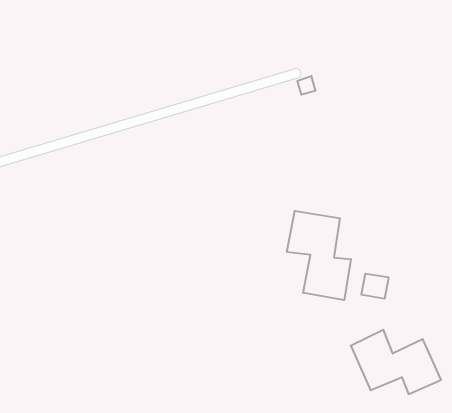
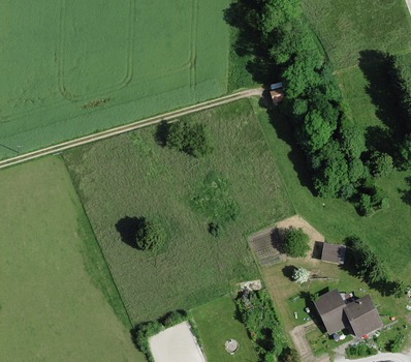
building: [287,211,351,300] -> none

